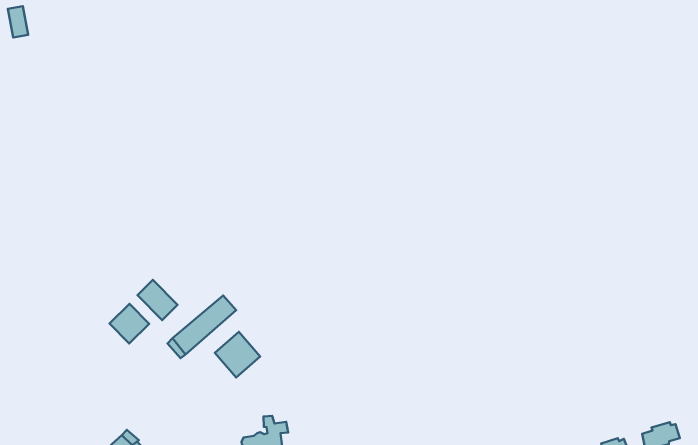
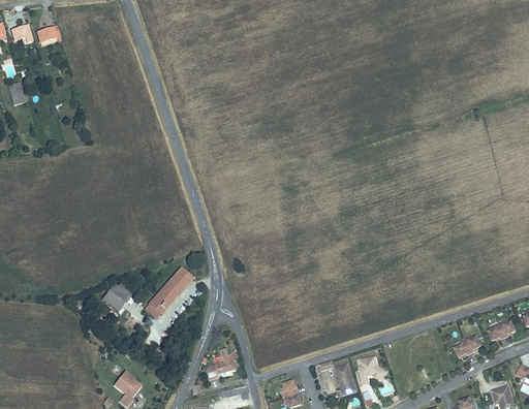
building: [137,280,177,320] -> none
building: [215,332,260,377] -> none

